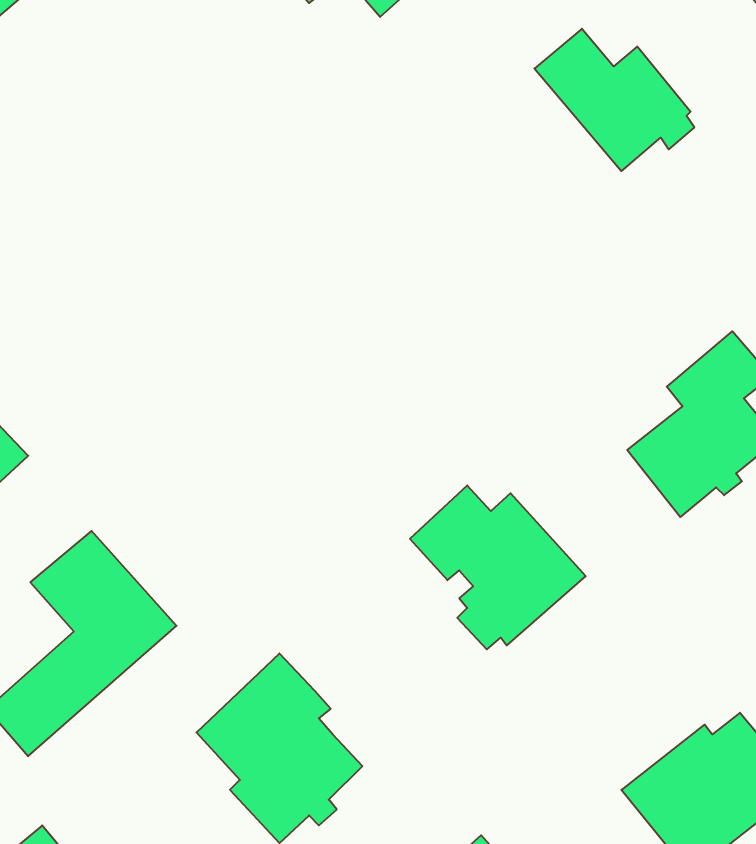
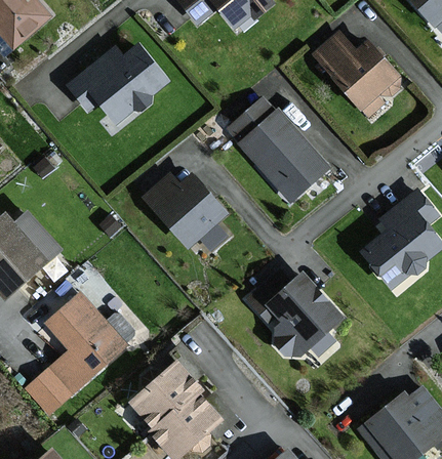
building: none -> [70,43,170,119]
building: none -> [229,99,325,201]
building: none -> [148,171,229,243]

